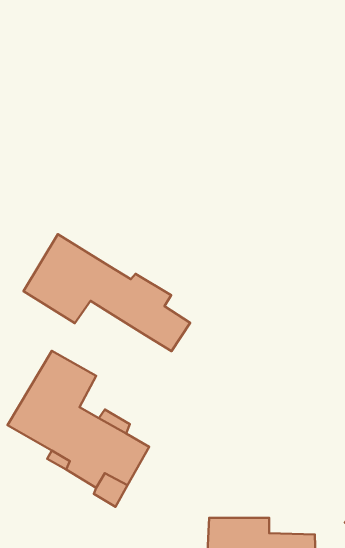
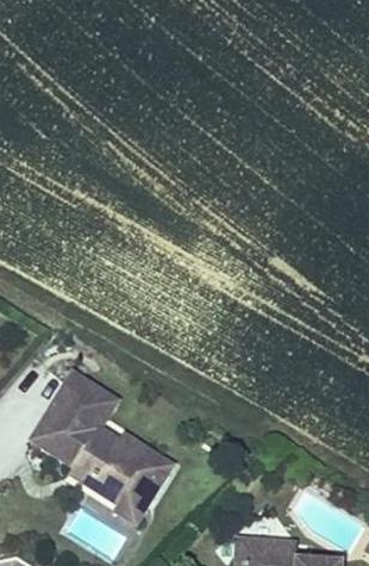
building: [23,234,190,351] -> none

